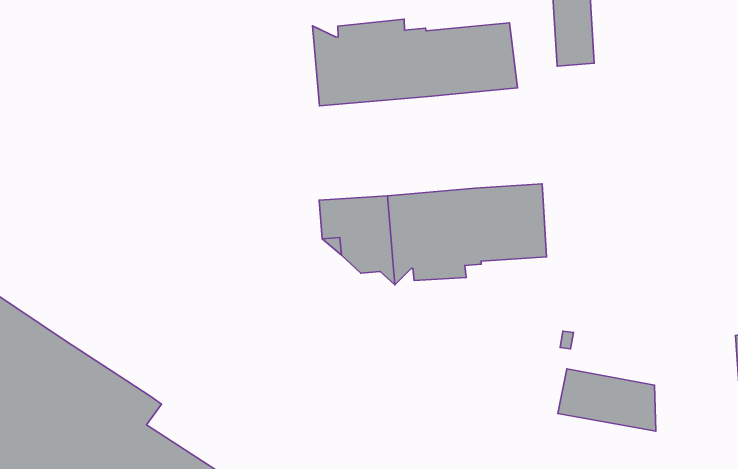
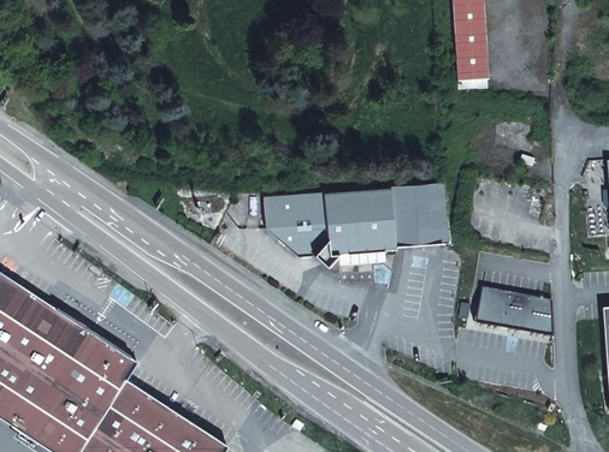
building: [313,19,517,106] -> none
building: [558,369,656,431] -> [474,285,554,335]

